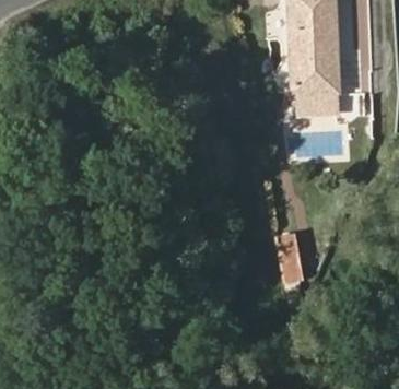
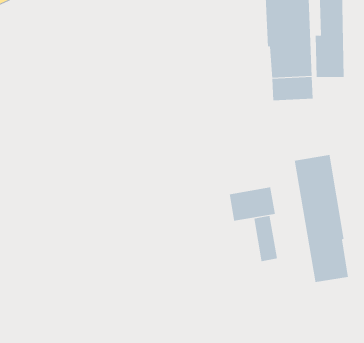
building: none -> [294,154,348,283]
building: none -> [229,187,275,221]

